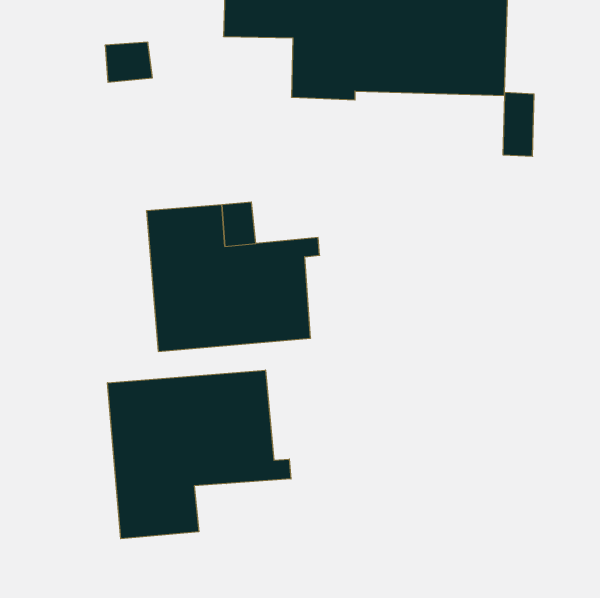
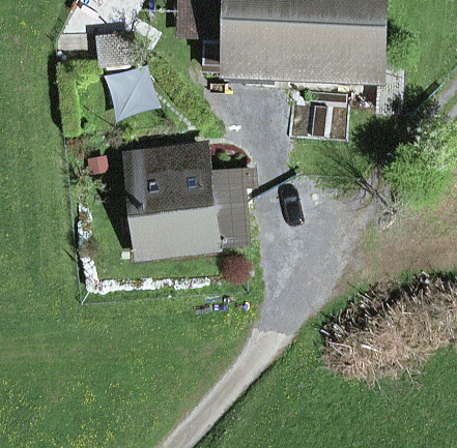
building: [108,370,291,539] -> none

